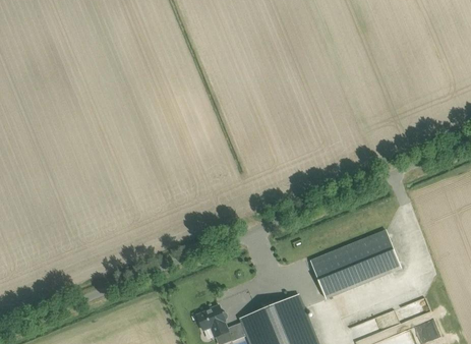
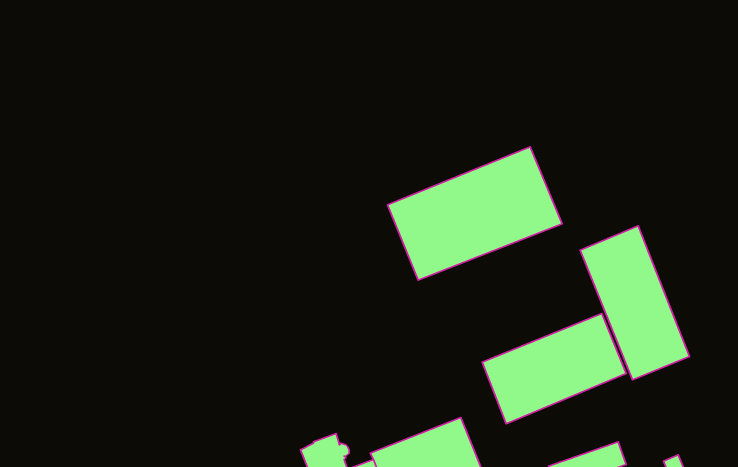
building: none -> [388,147,562,280]
building: none -> [580,226,690,380]

